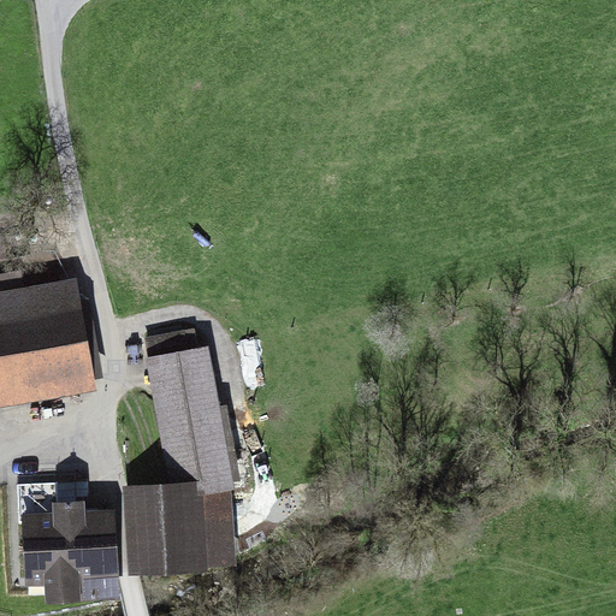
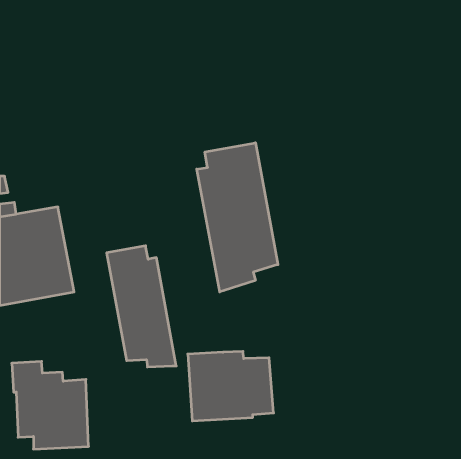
building: none -> [197,143,278,292]
building: [122,482,236,575] -> [188,351,274,421]

